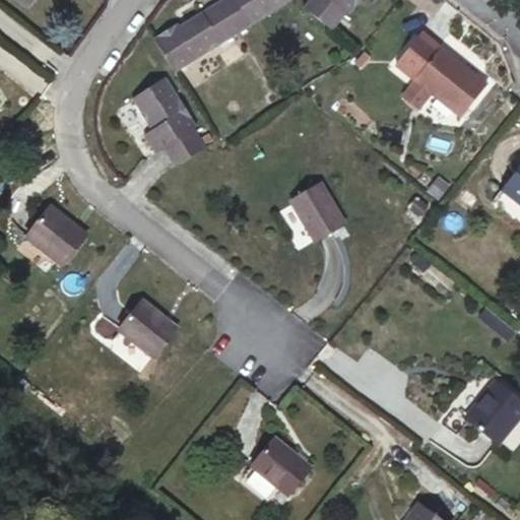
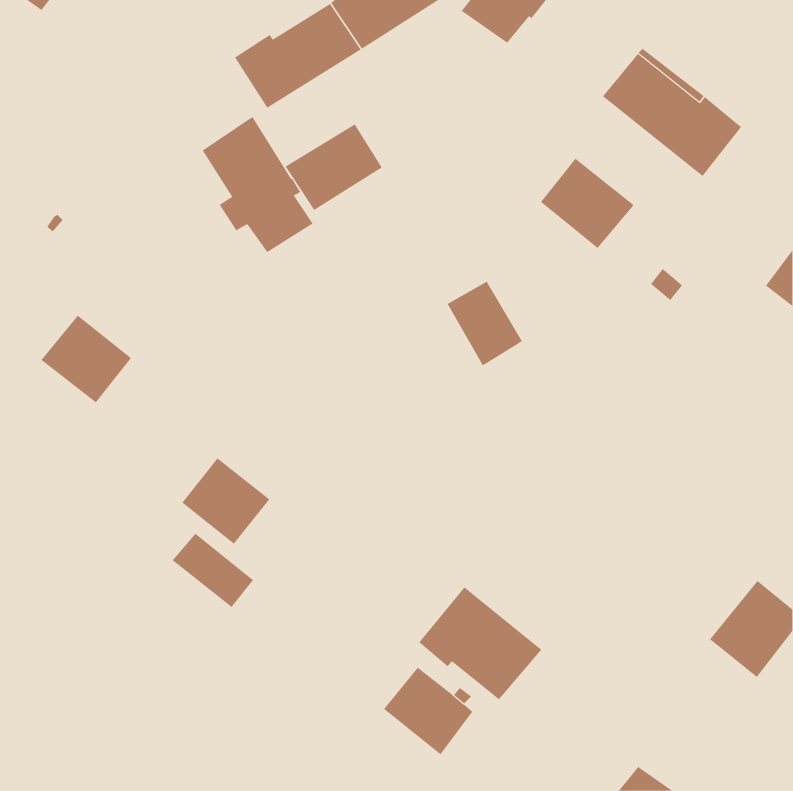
building: none -> [285,123,382,211]
building: none -> [540,158,634,249]
building: none -> [172,533,254,608]
building: none -> [419,587,542,700]

